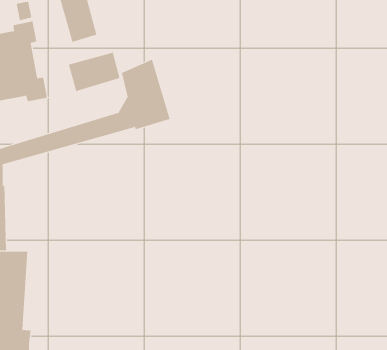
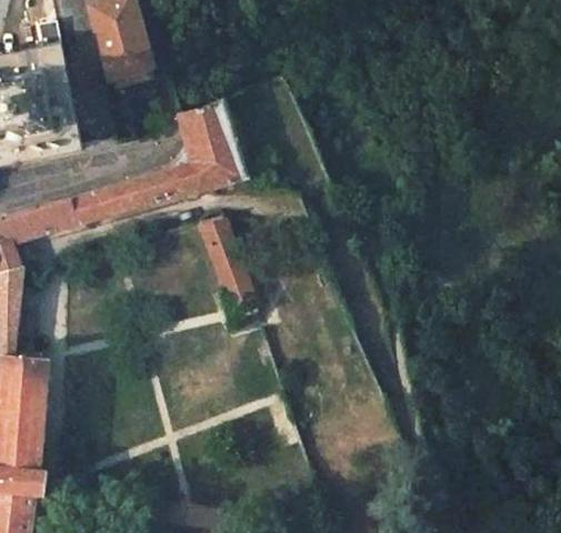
building: [68,52,120,92] -> none
building: none -> [196,218,257,316]

